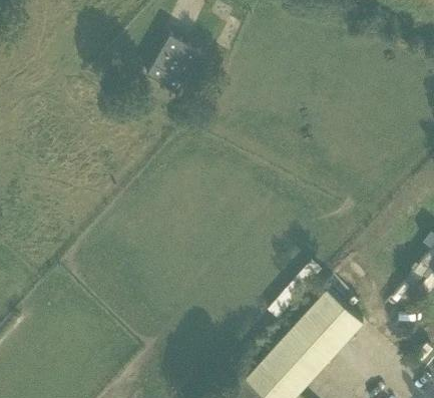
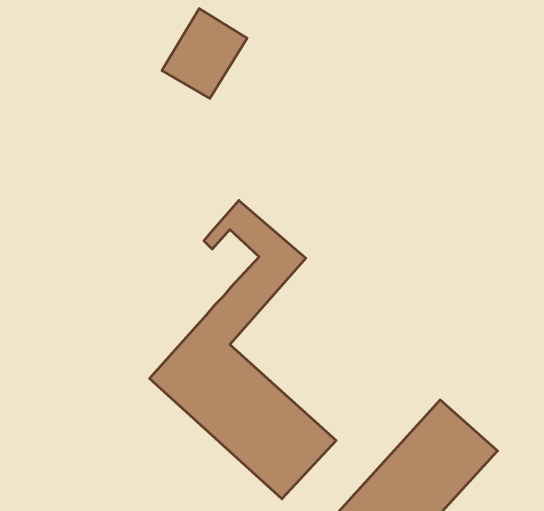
building: none -> [150,200,336,499]

